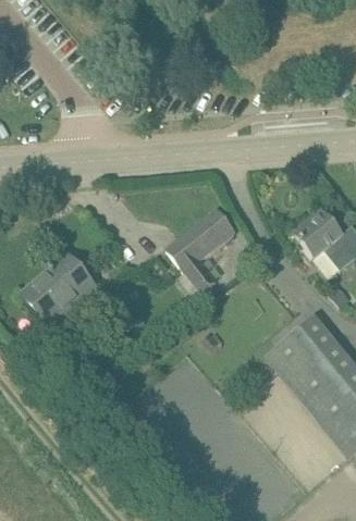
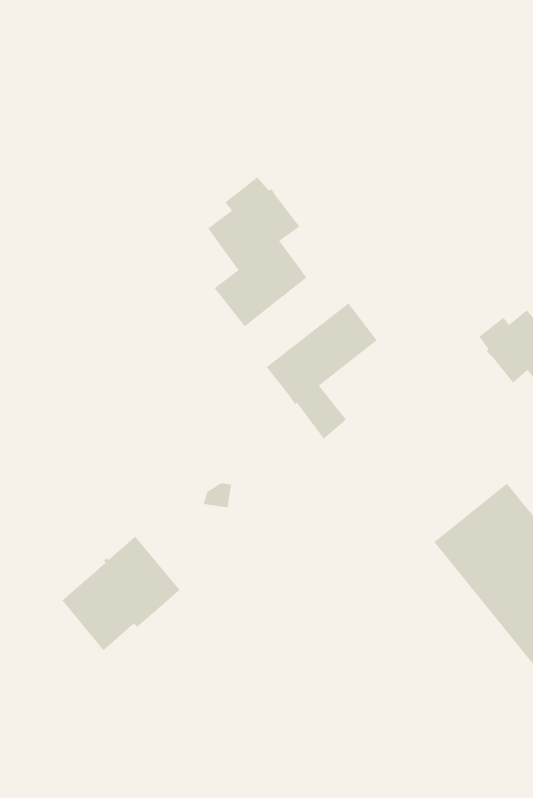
building: none -> [207,176,307,327]
building: [23,252,95,322] -> [62,536,181,651]

